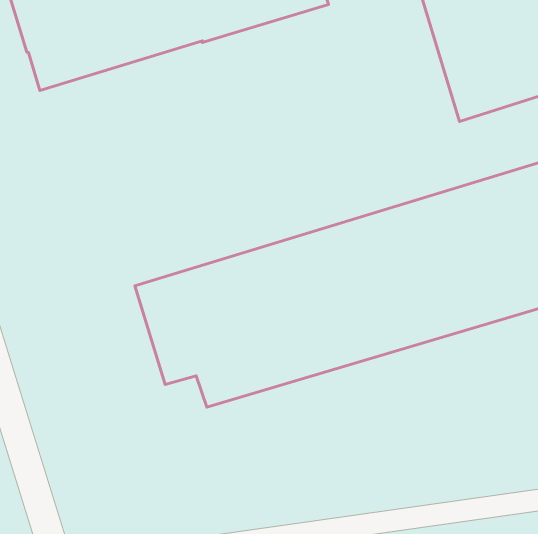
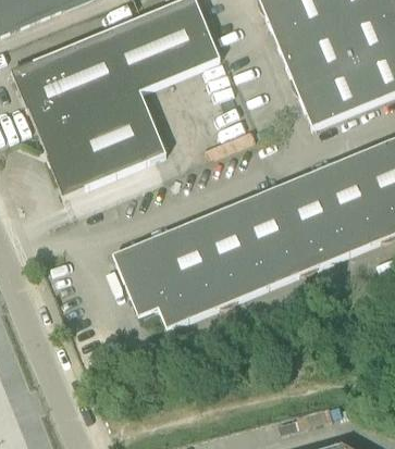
building: none -> [38,90,166,196]

